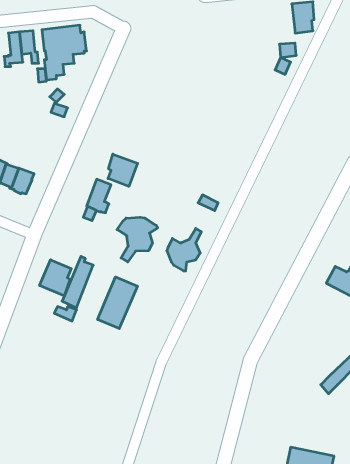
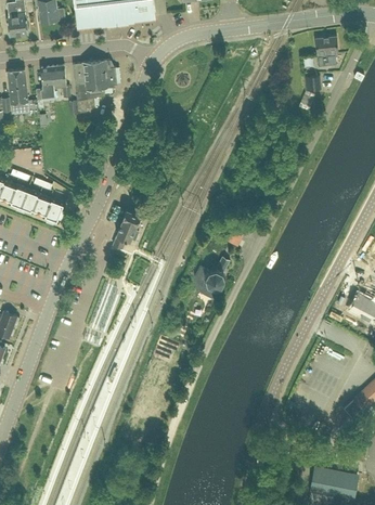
building: [108,154,138,186] -> none
building: [117,217,158,262] -> none
building: [40,260,71,296] -> none
building: [98,277,137,329] -> none

